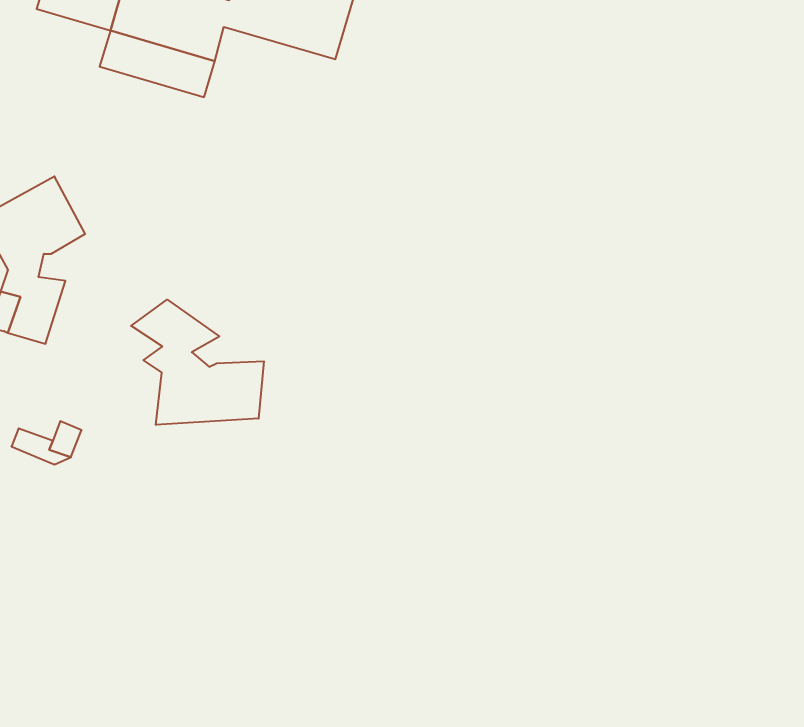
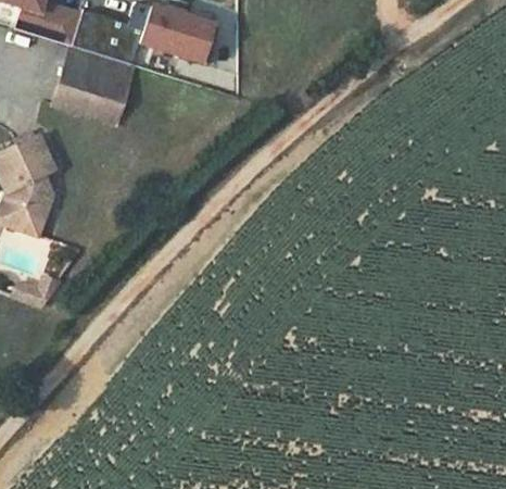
building: none -> [55,66,129,121]
building: [131,300,264,425] -> none

